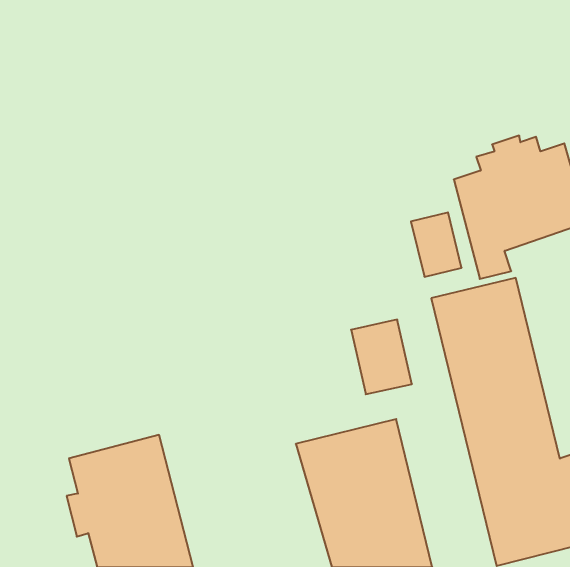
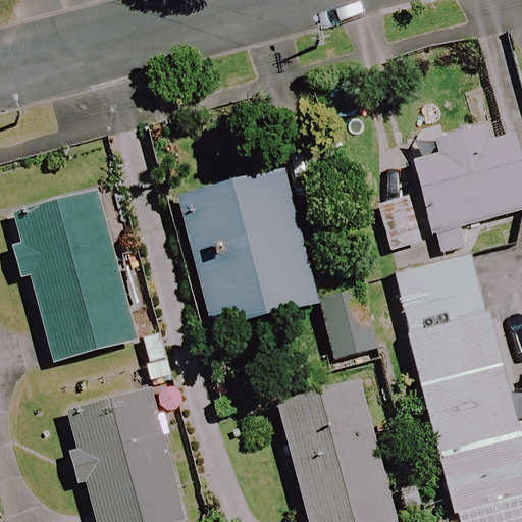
building: none -> [171,170,320,327]
building: none -> [10,193,136,361]

